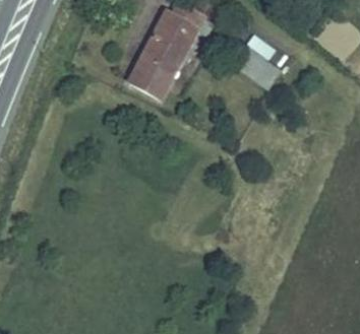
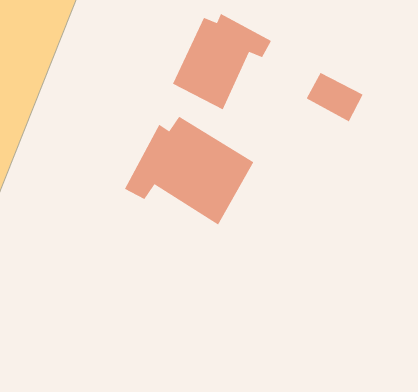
building: none -> [124,116,254,226]

